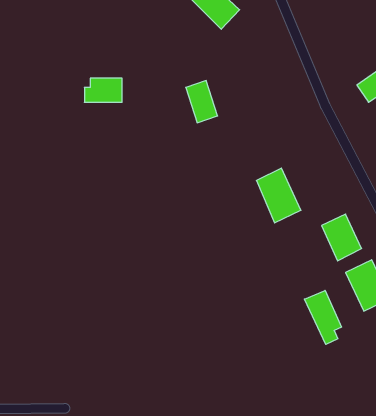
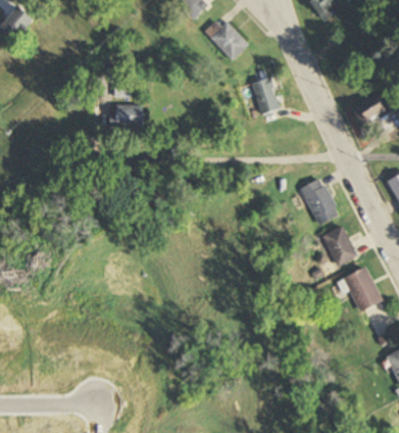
building: [186,81,218,123] -> [250,76,279,113]
building: [256,168,301,223] -> [299,177,339,226]
building: [304,290,342,344] -> none

